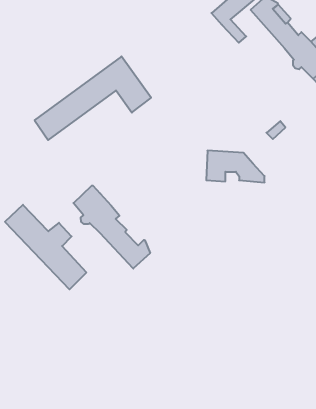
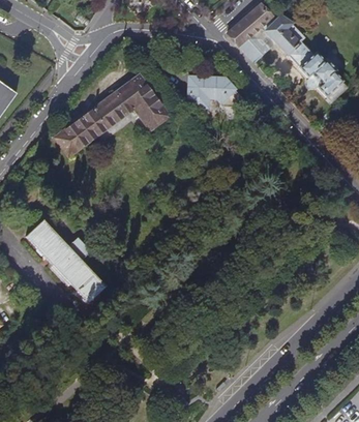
building: [206,151,265,182] -> [187,76,244,107]
building: [73,186,150,269] -> none

